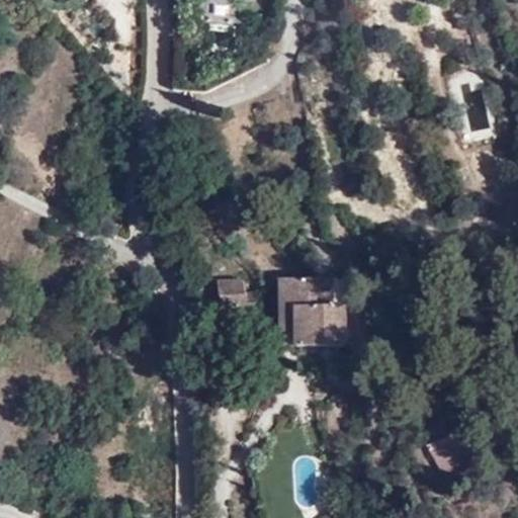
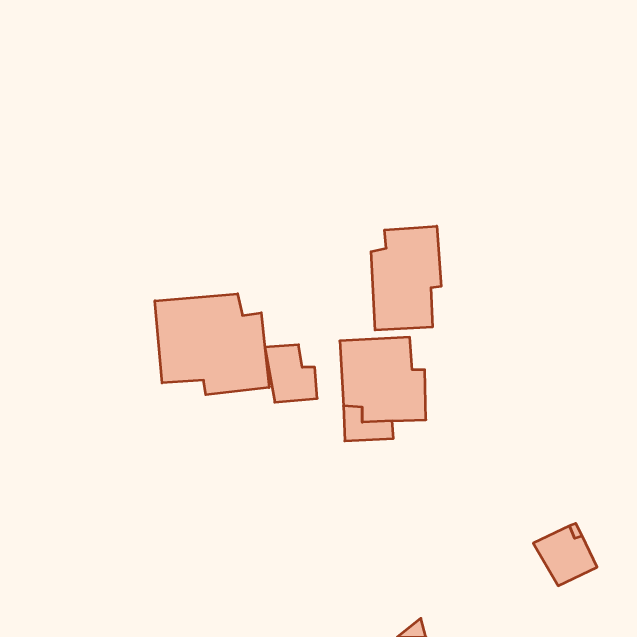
building: none -> [371,226,441,330]
building: none -> [155,294,269,395]

